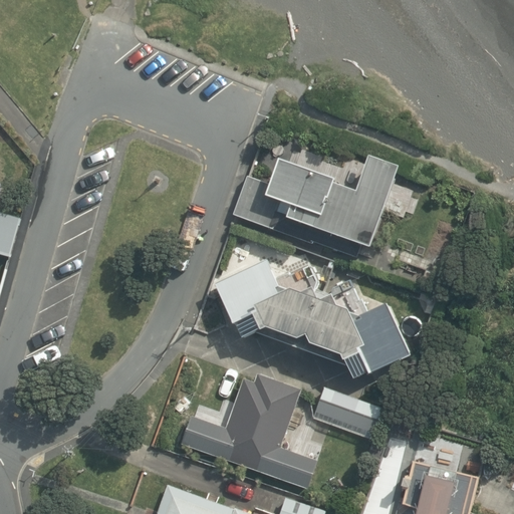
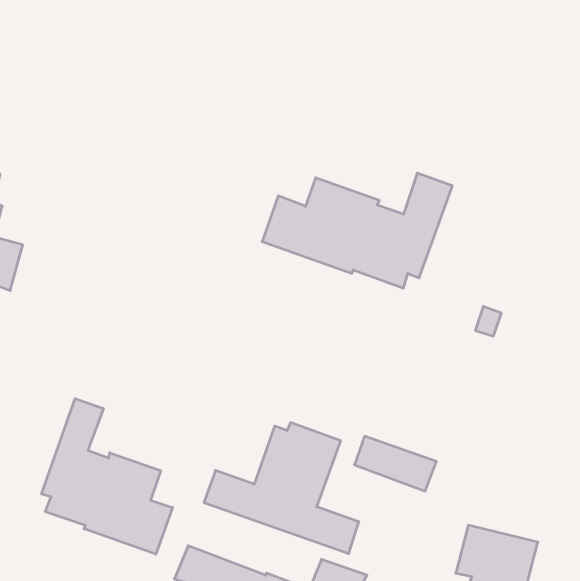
building: [215,260,411,380] -> none
building: none -> [42,399,173,554]

